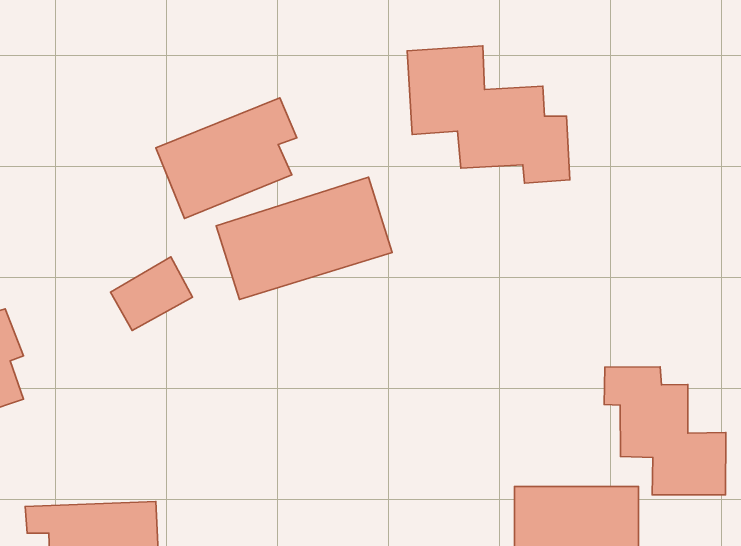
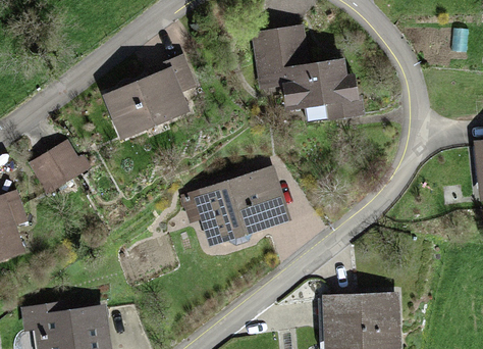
building: [216,177,392,299] -> [177,169,284,244]
building: [110,257,193,331] -> [32,146,82,191]
building: [604,367,726,495] -> none

